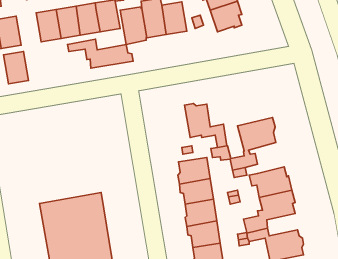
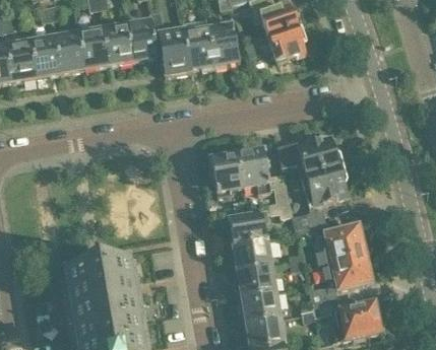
building: [68,39,133,68] -> none
building: [4,52,28,84] -> [30,37,61,76]
building: none -> [277,134,344,174]
building: none -> [210,149,243,196]

